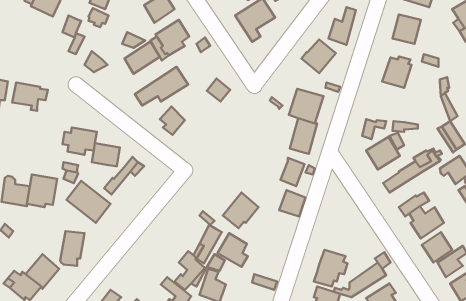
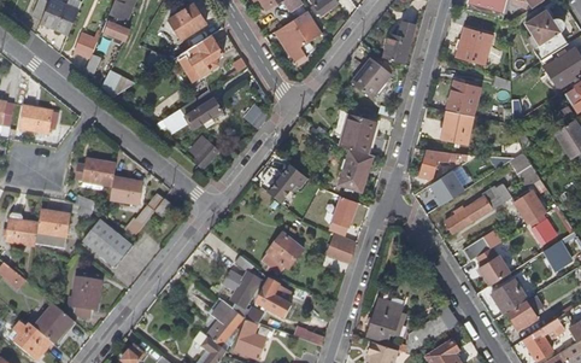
building: [124,42,160,74] -> none
building: none -> [440,109,473,142]
building: none -> [266,165,305,203]

